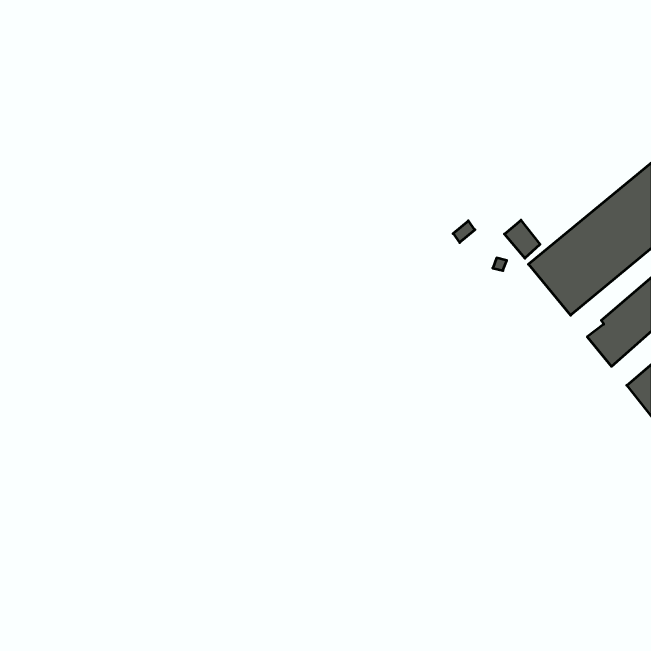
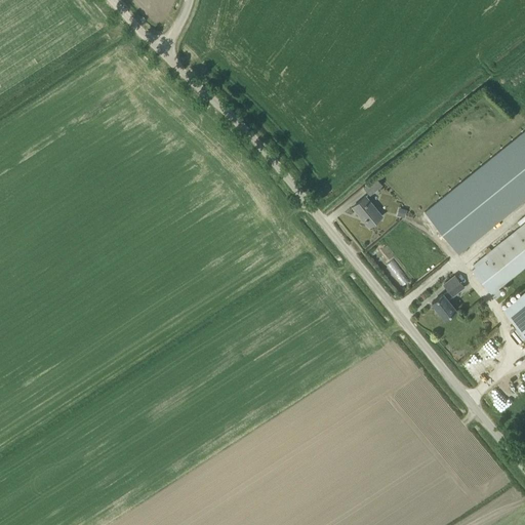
building: [504,220,540,258] -> [354,197,382,228]
building: none -> [433,276,465,320]

